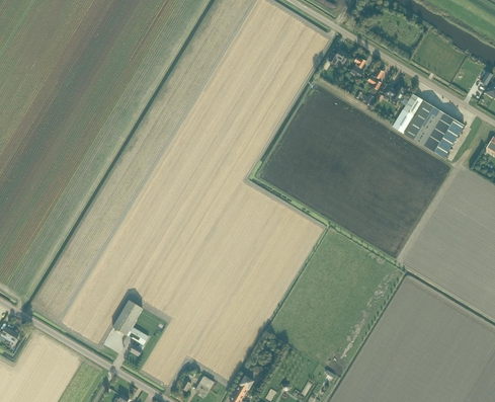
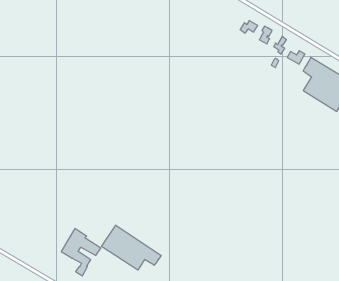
building: none -> [102,225,161,270]

